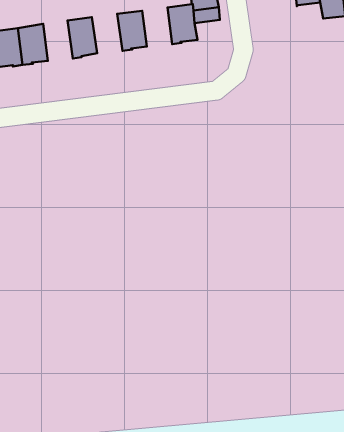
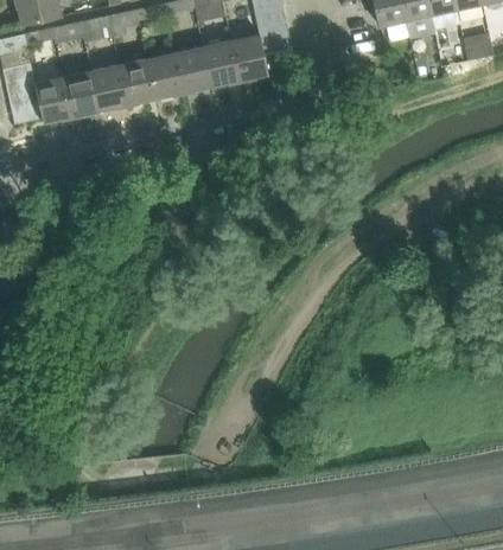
building: none -> [203,40,240,87]
building: none -> [146,52,184,98]
building: none -> [91,64,128,111]

